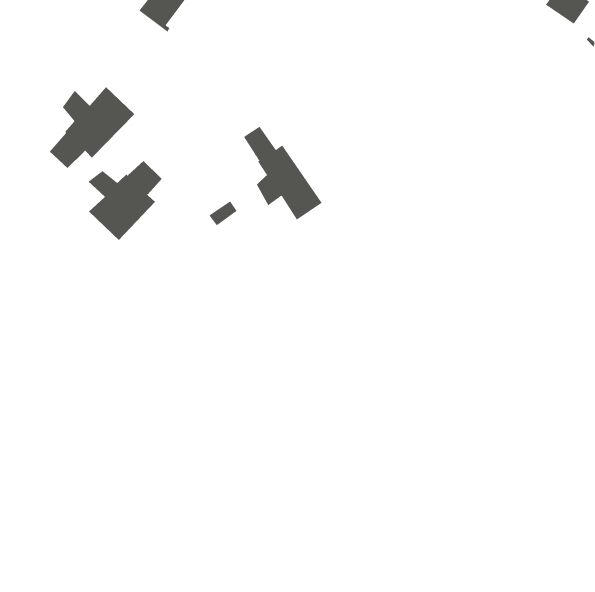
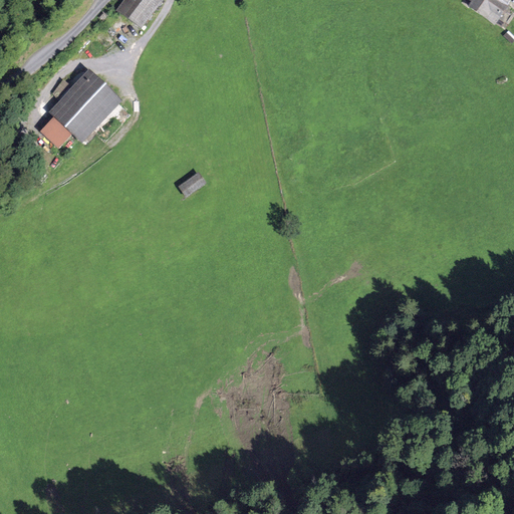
building: [243,126,322,221] -> none
building: [88,160,163,241] -> none

